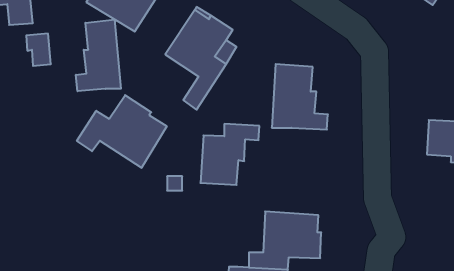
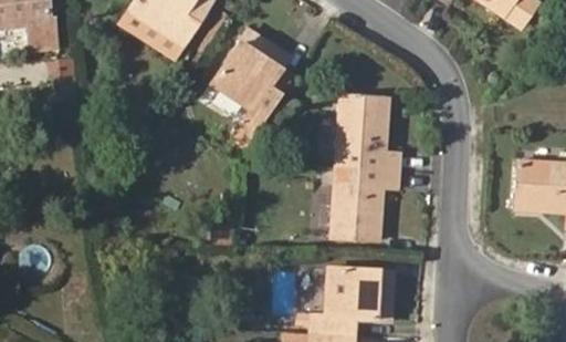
building: [76,19,121,91] -> none
building: [77,95,167,168] -> none
building: [200,124,259,185] -> [331,170,399,241]

